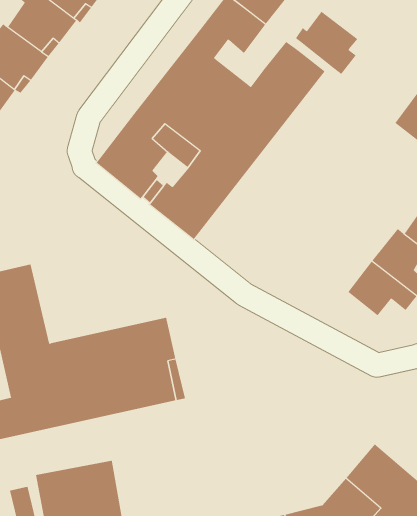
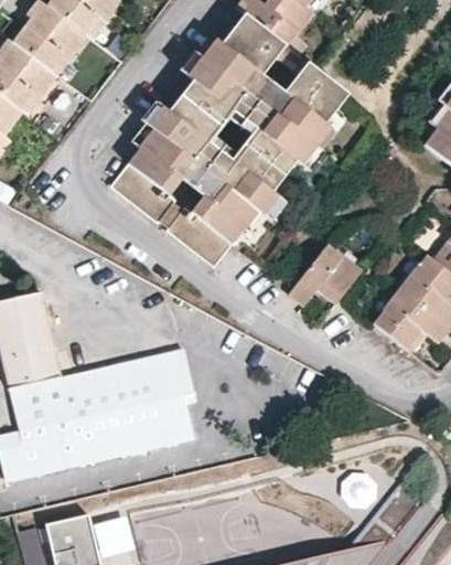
building: [295,11,358,75] -> none
building: none -> [235,57,287,106]
building: none -> [287,243,363,306]

